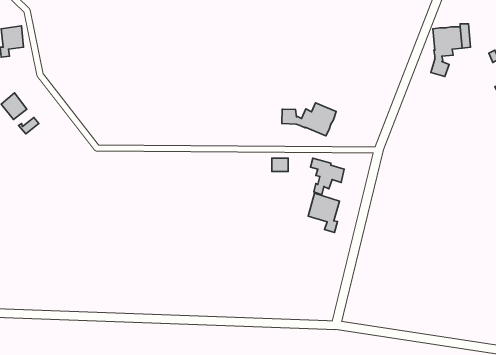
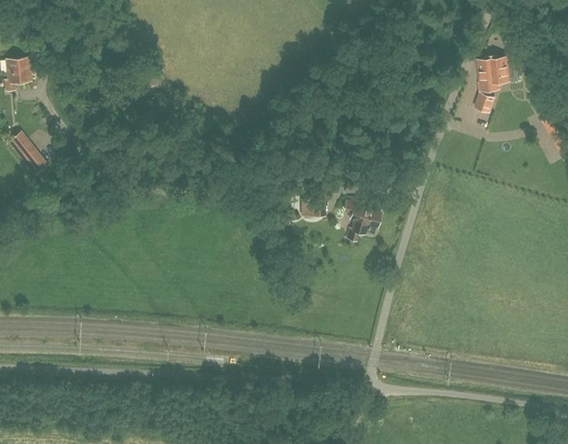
building: [282,103,336,136] -> none
building: [308,193,340,233] -> none

